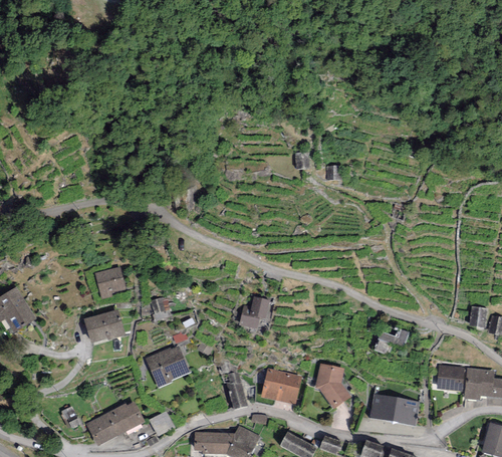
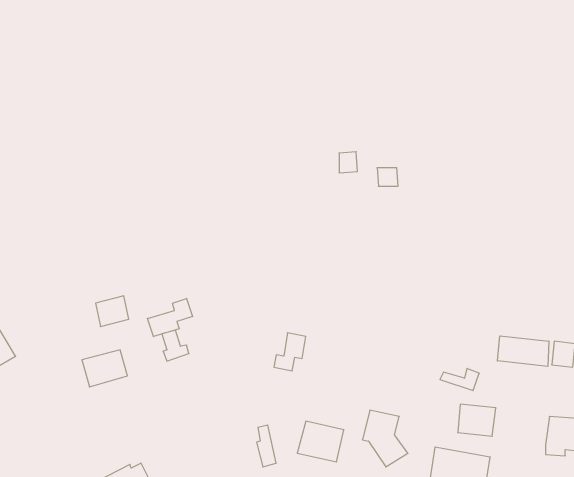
building: none -> [147,298,193,337]
building: none -> [497,336,549,366]
building: [147,349,188,386] -> none
building: [436,364,467,390] -> [458,404,496,436]

